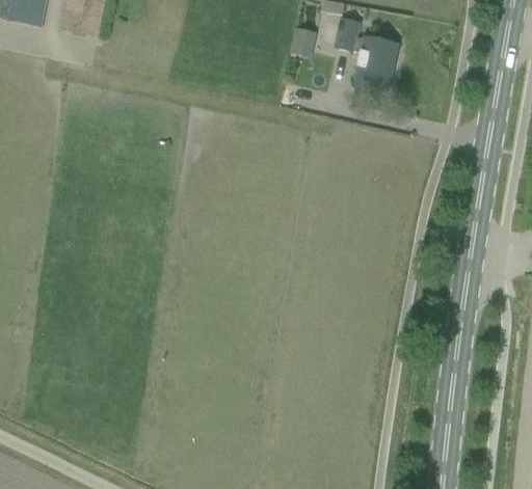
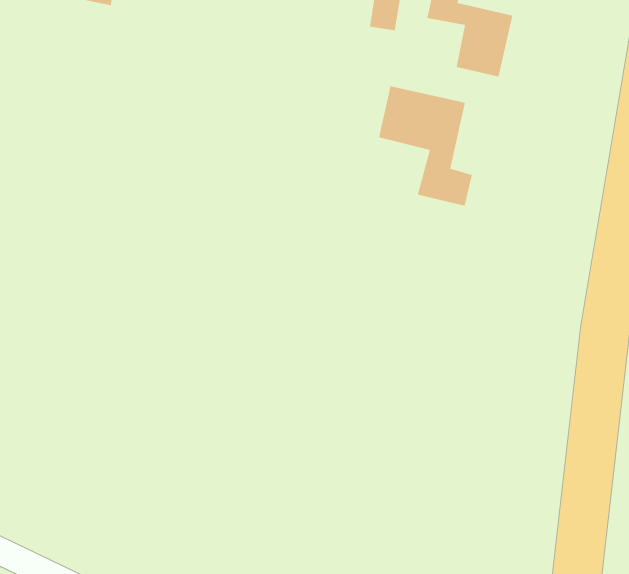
building: none -> [378,85,472,206]

